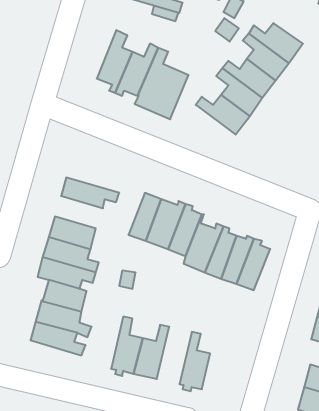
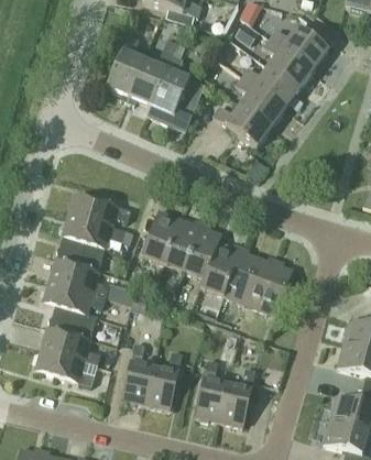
building: none -> [62,212,124,248]
building: none -> [220,366,258,426]

